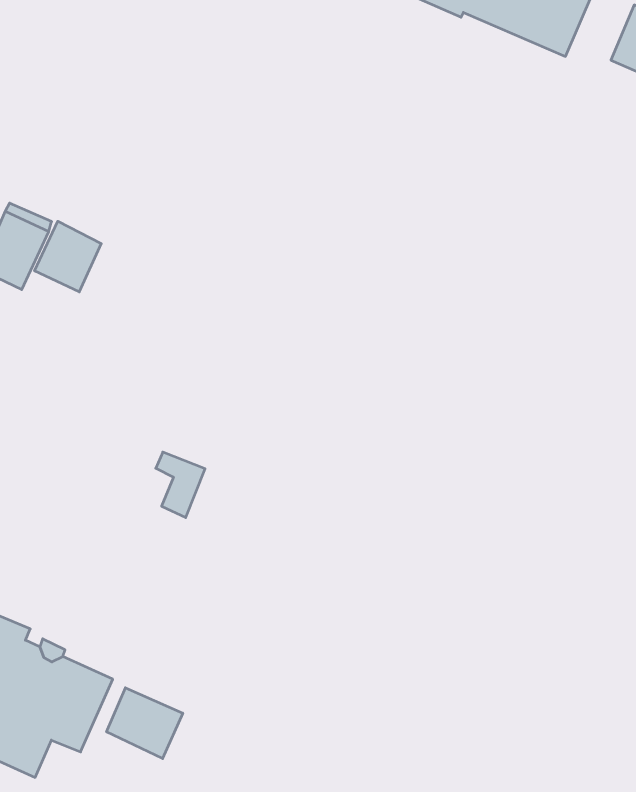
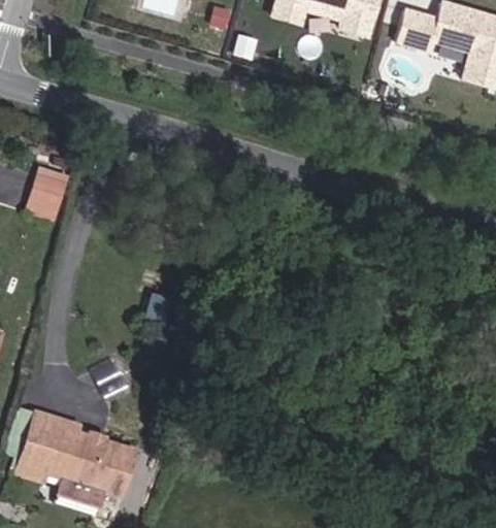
building: [35,221,101,292] -> none
building: [107,688,183,759] -> none

